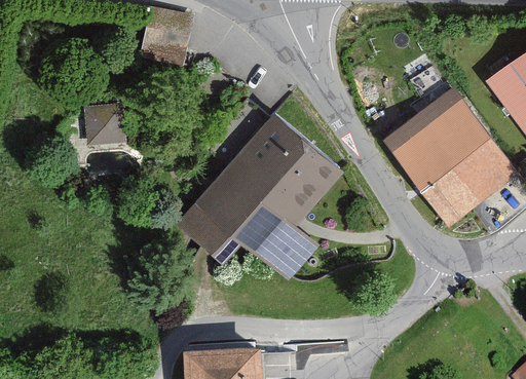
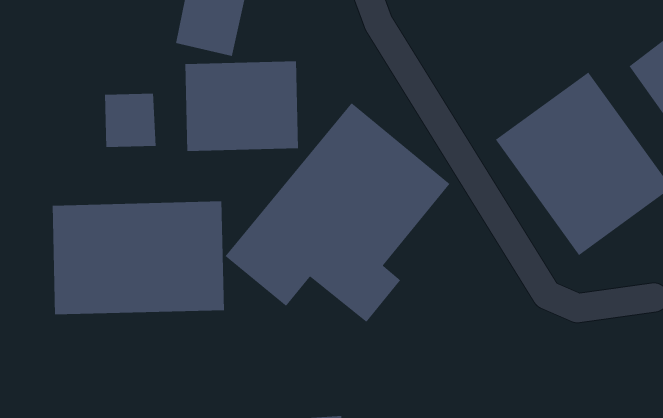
building: none -> [184,60,299,152]
building: none -> [52,201,225,315]

